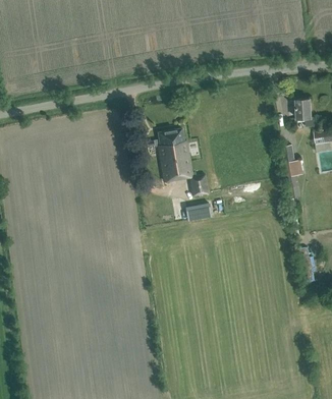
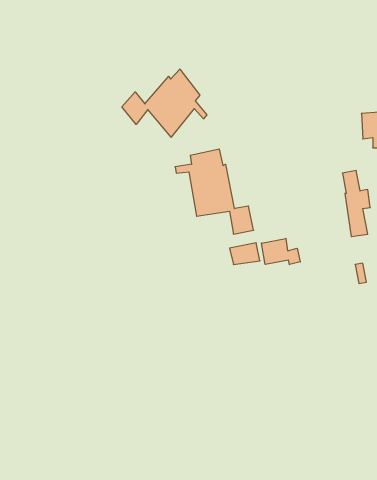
building: none -> [122,69,207,137]
building: none -> [261,238,300,265]

